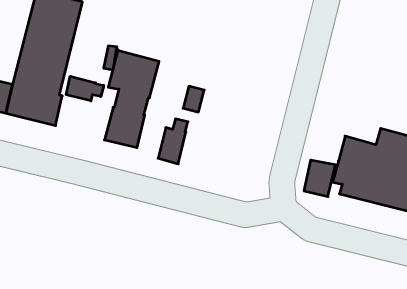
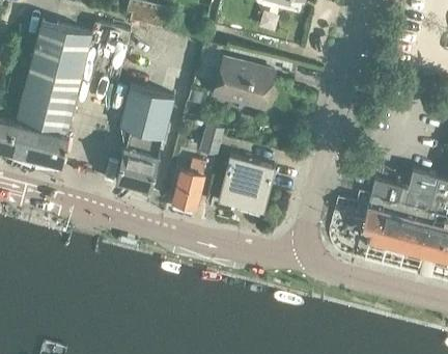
building: none -> [214,59,274,108]
building: [66,76,104,101] -> none
building: none -> [217,156,276,215]

